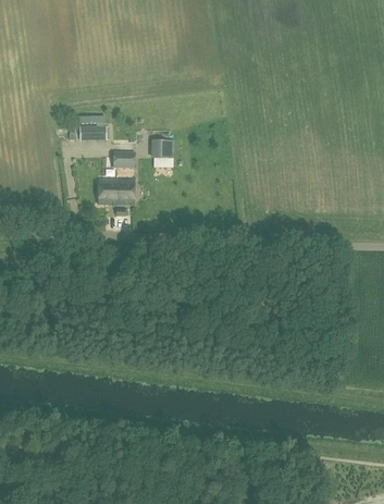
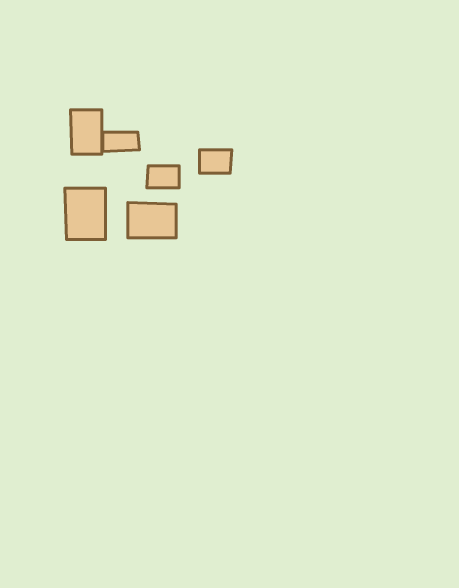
building: none -> [70,110,102,154]
building: none -> [65,188,106,240]

